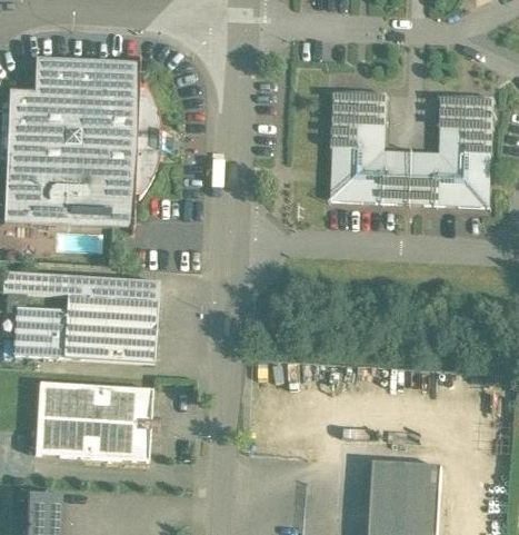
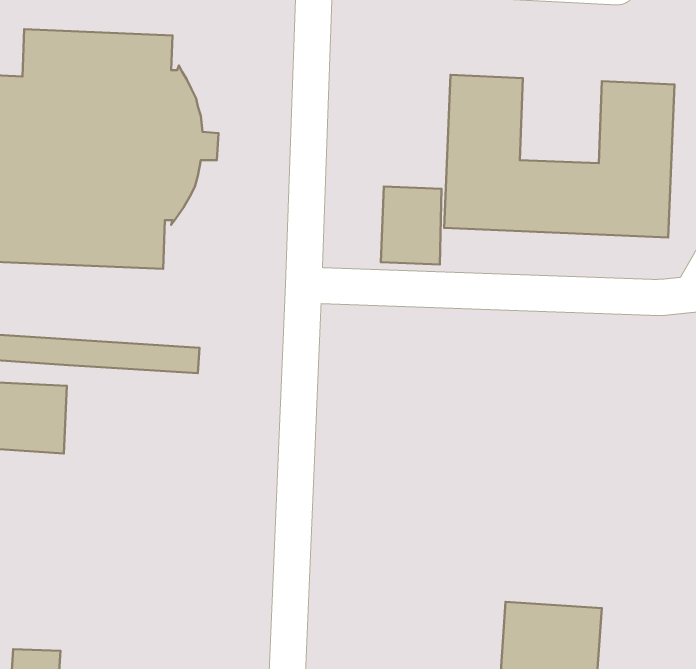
building: none -> [381,187,442,265]
building: [61,294,156,361] -> none
building: [32,382,156,459] -> none

